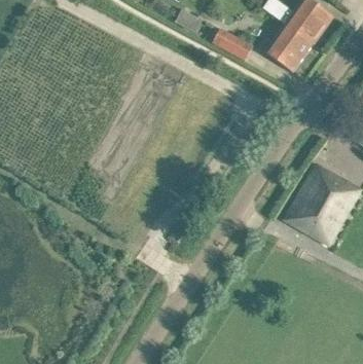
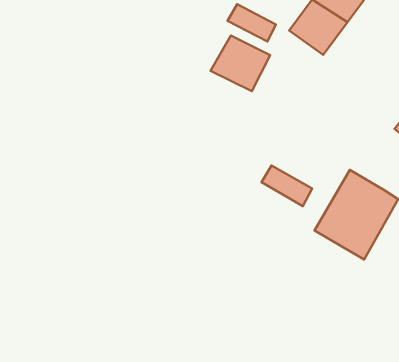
building: none -> [211,35,270,91]
building: none -> [262,165,312,206]

